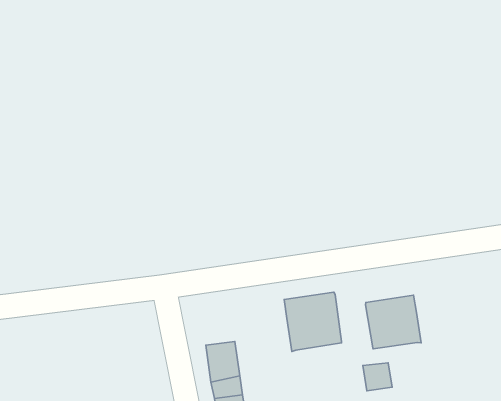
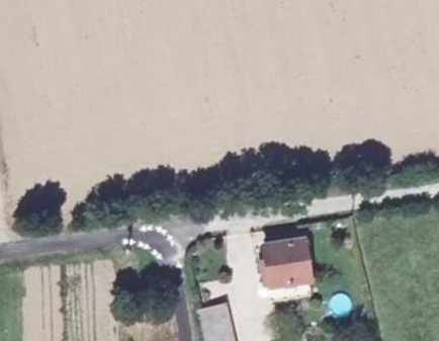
building: [365,295,421,349] -> none

